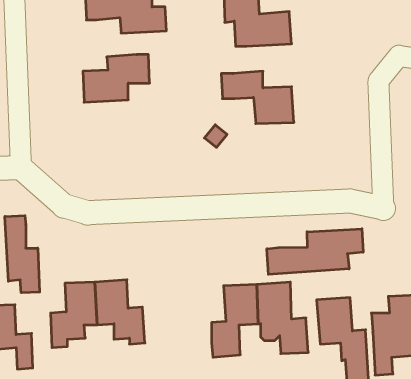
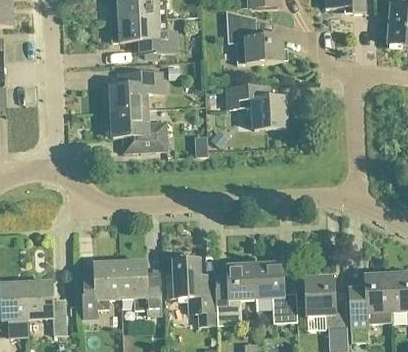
building: none -> [109,108,166,151]
building: [5,216,40,293] -> none
building: [267,229,363,274] -> none
building: none -> [165,257,217,324]

